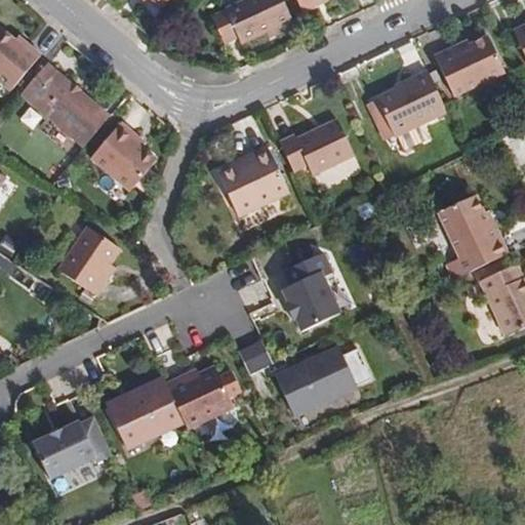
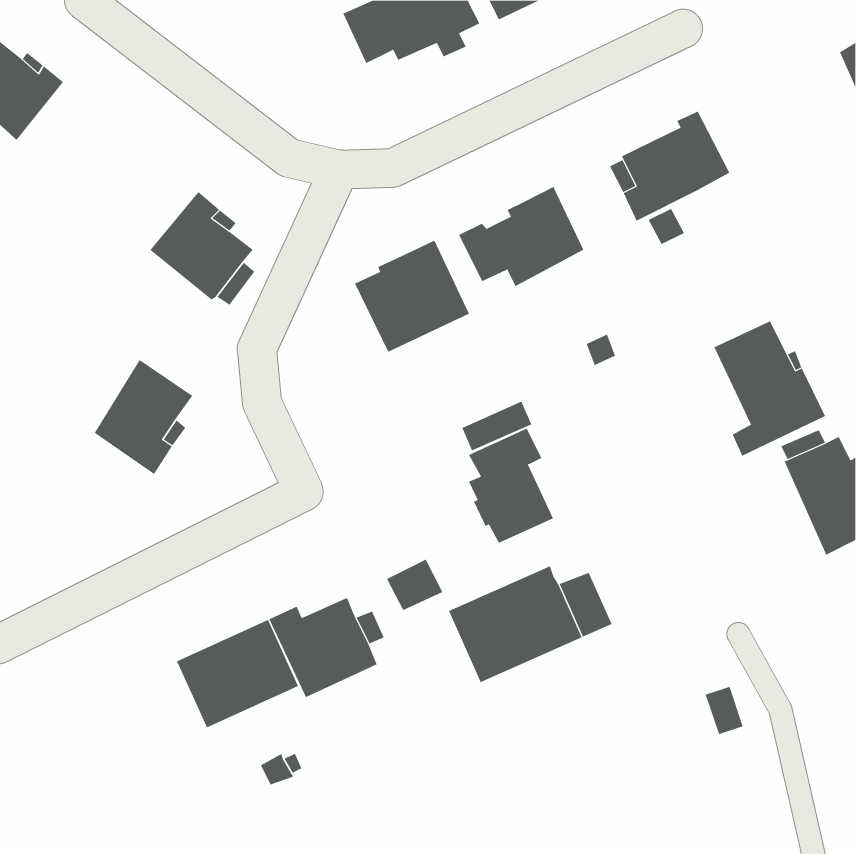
building: [435,34,504,94] -> none
building: [23,62,110,145] -> none
building: [29,417,109,484] -> none

